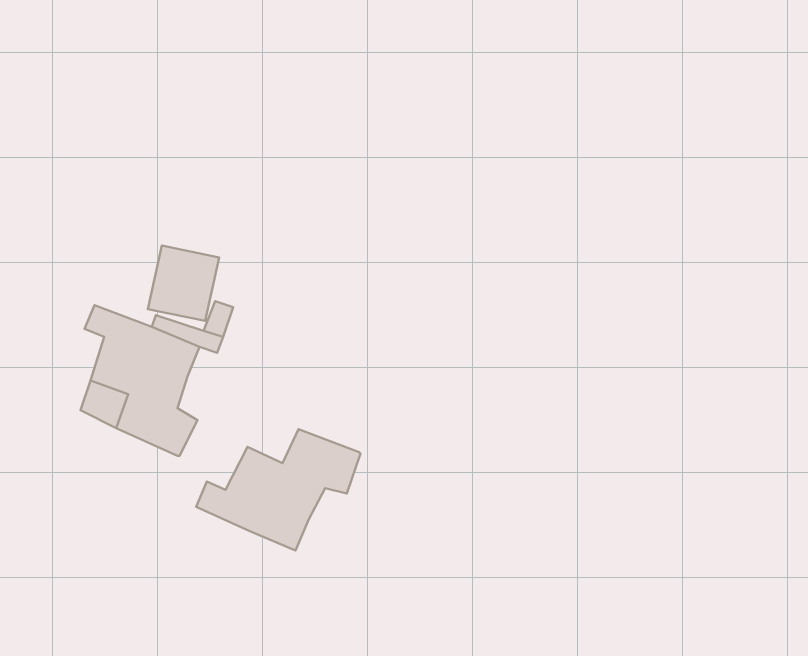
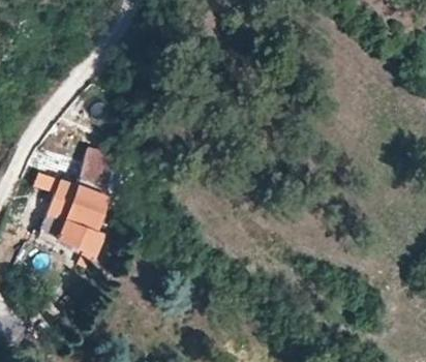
building: [196,429,360,550] -> none

